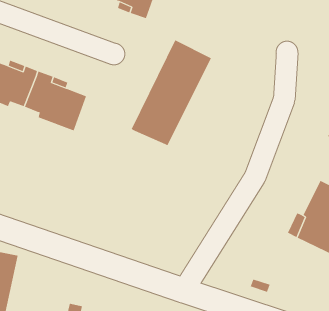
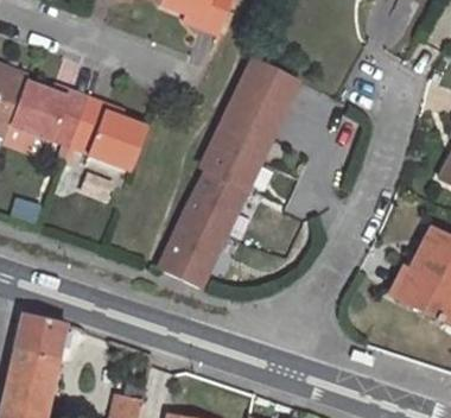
building: none -> [158,171,246,286]

